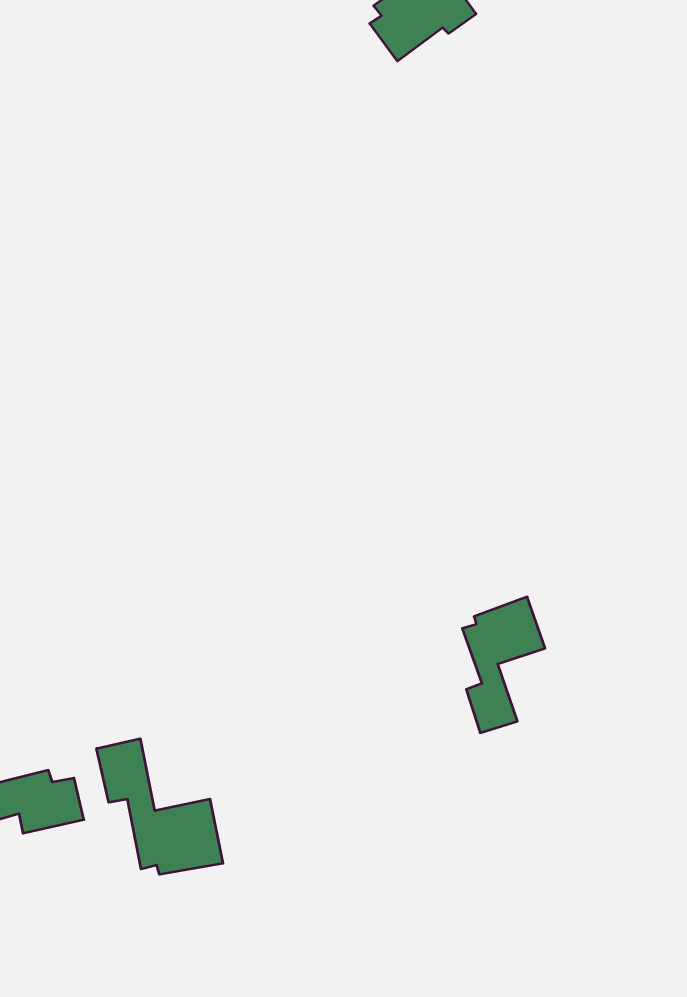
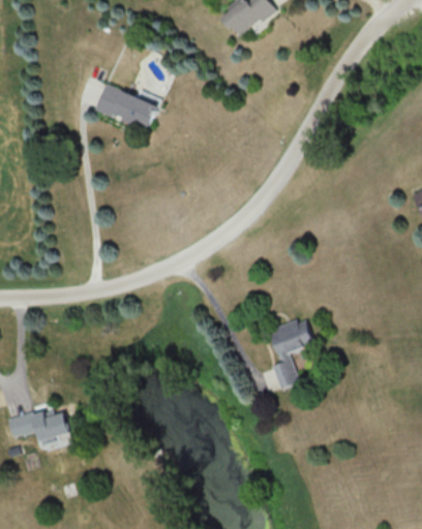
building: none -> [94,84,159,130]
building: [97,739,223,874] -> none

